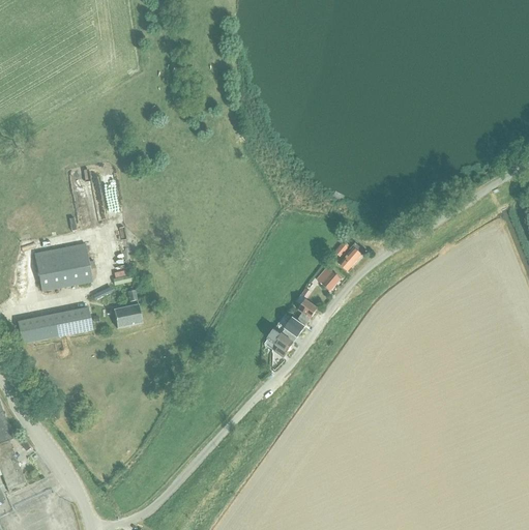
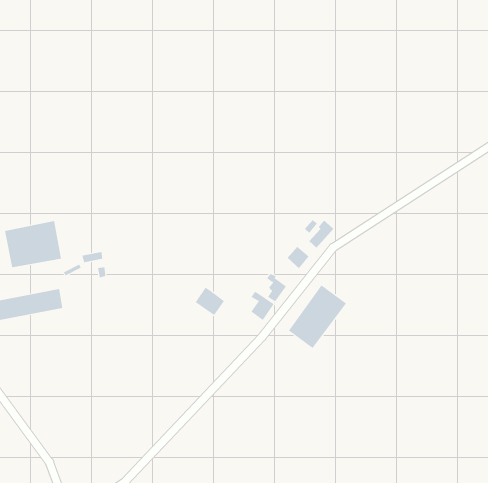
building: [113,303,141,327] -> none
building: none -> [288,285,347,349]
building: [263,327,293,356] -> [195,287,225,316]

